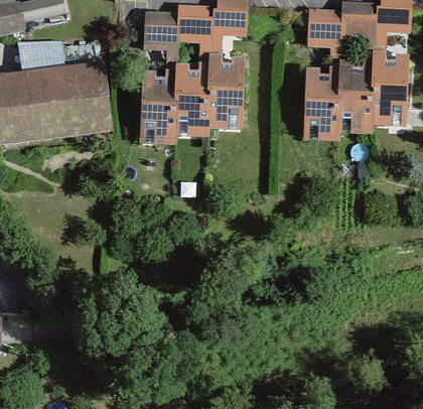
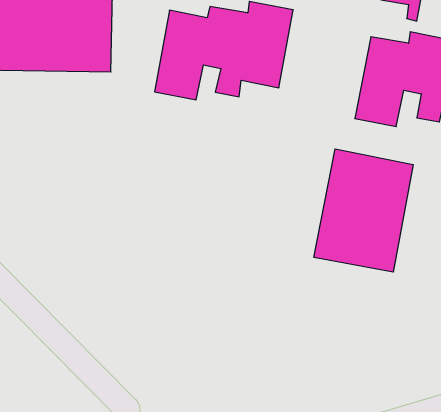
building: none -> [314,149,413,272]

